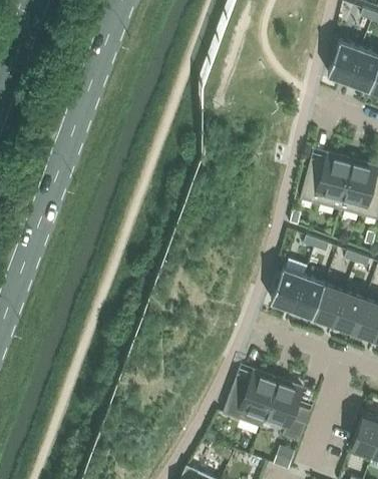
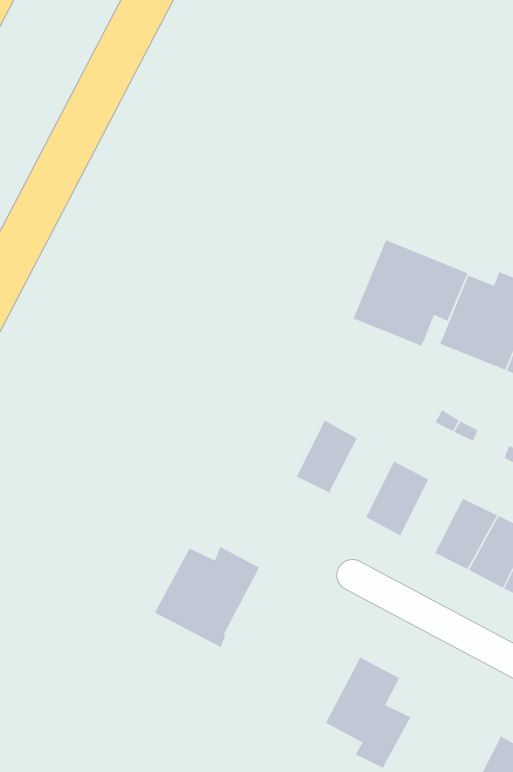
building: none -> [352,239,469,347]
building: [292,277,324,318] -> [296,420,358,494]
building: [222,372,278,429] -> [154,546,260,648]

